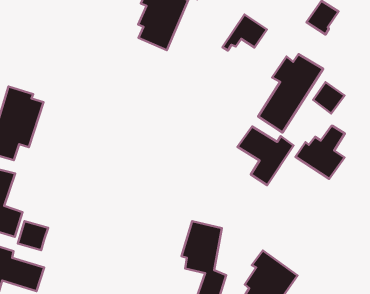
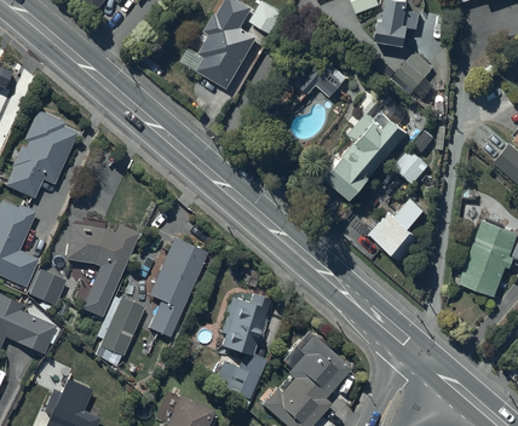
building: [237,127,294,185] -> none
building: none -> [64,223,139,317]
building: none -> [148,237,208,338]
building: none -> [100,295,144,353]

